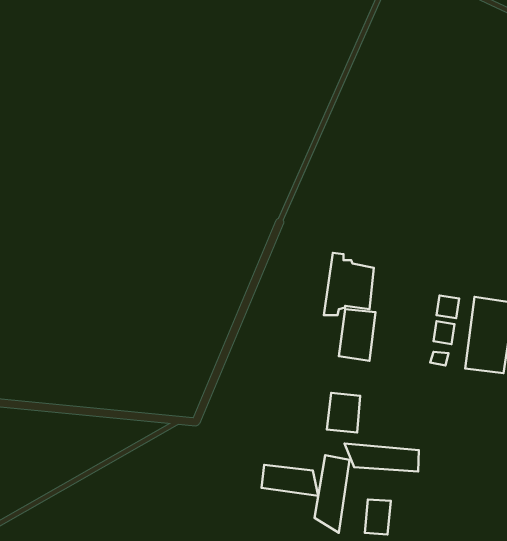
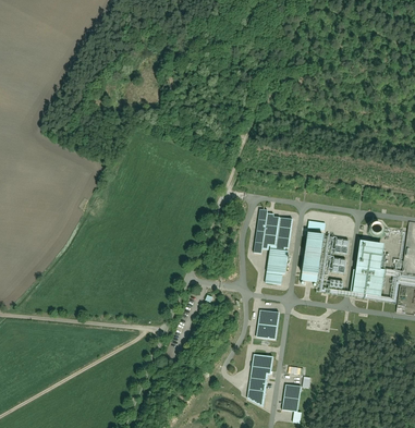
building: none -> [303,233,324,281]
building: [344,444,419,472] -> none
building: [262,465,318,496] -> none

